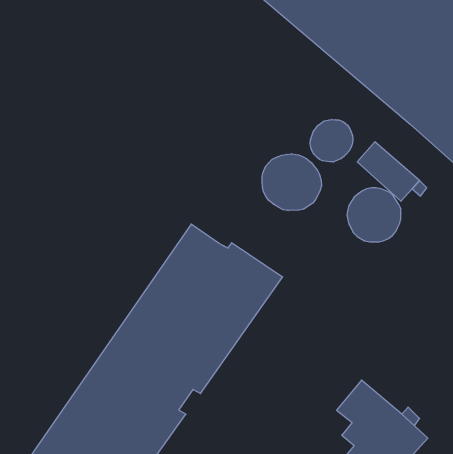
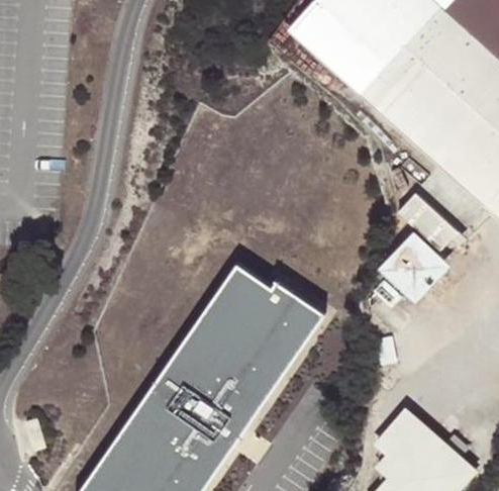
building: [310,119,353,162] -> none
building: [262,154,321,211] -> none

